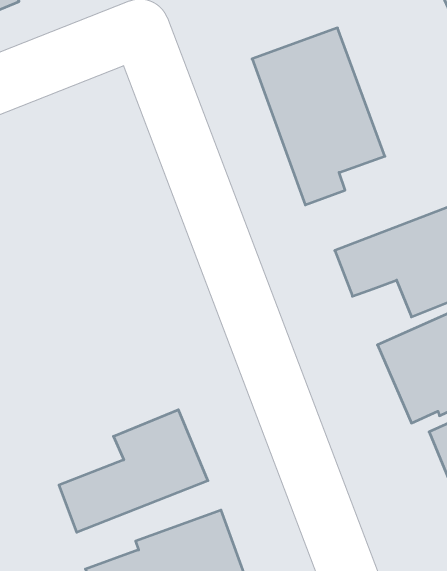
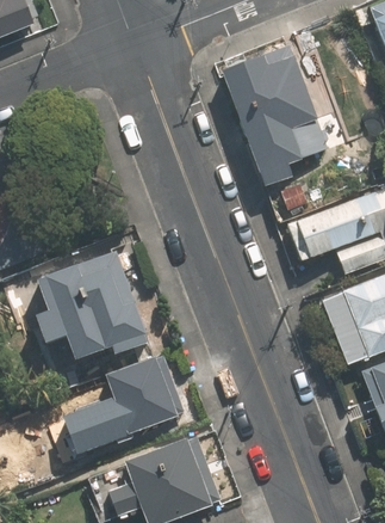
building: none -> [39,251,153,358]

